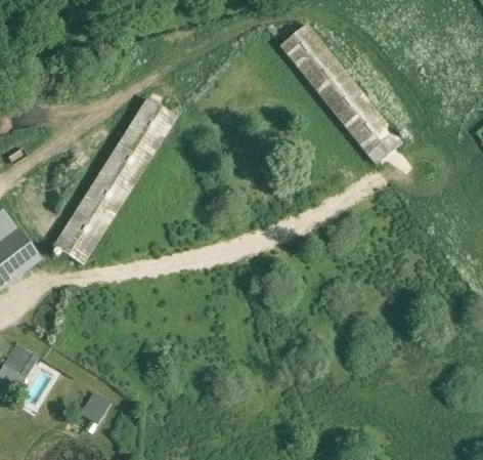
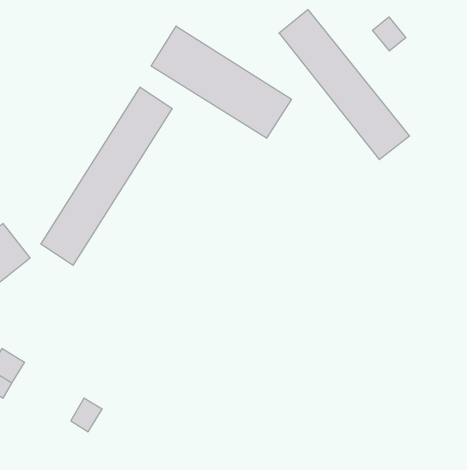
building: none -> [373,17,406,51]
building: none -> [151,26,292,138]

